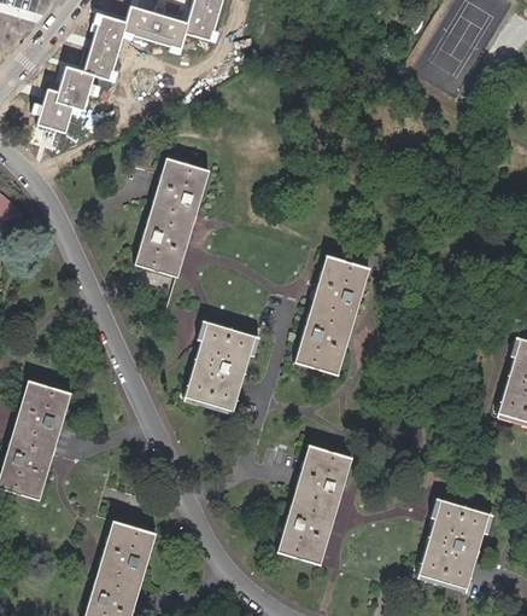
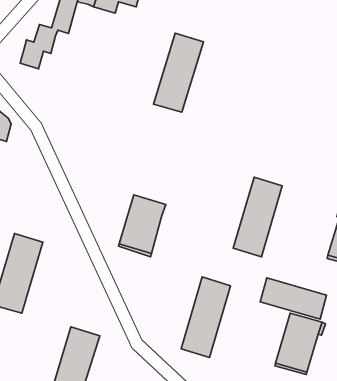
building: [135,157,210,275] -> [154,33,203,112]
building: [295,255,369,374] -> [233,177,282,257]
building: none -> [260,278,327,319]

